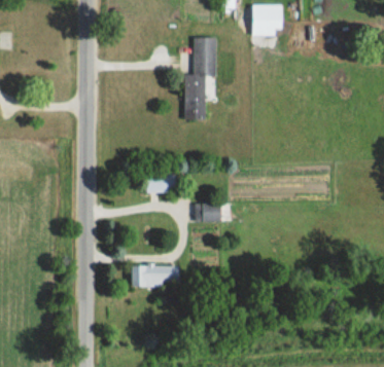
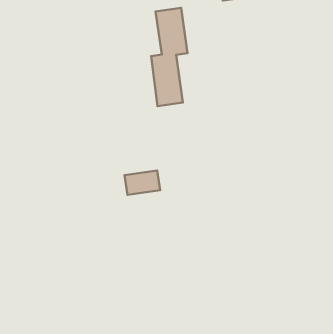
building: [194,205,219,222] -> none
building: [131,265,172,287] -> none

